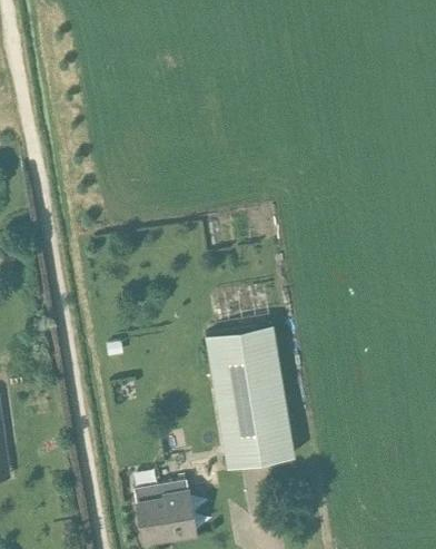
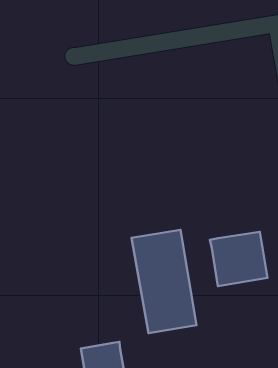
building: none -> [210,232,268,286]

